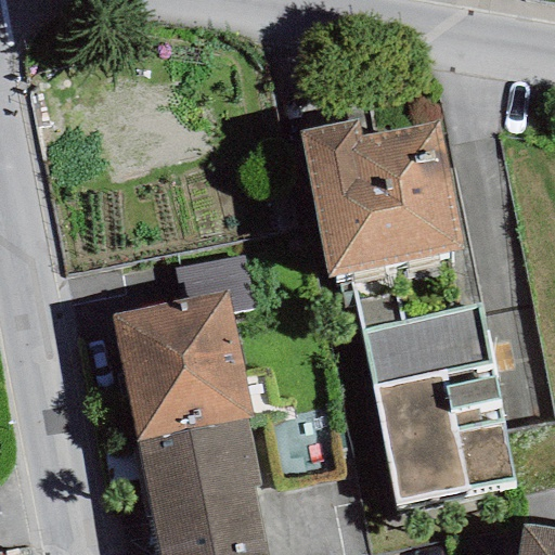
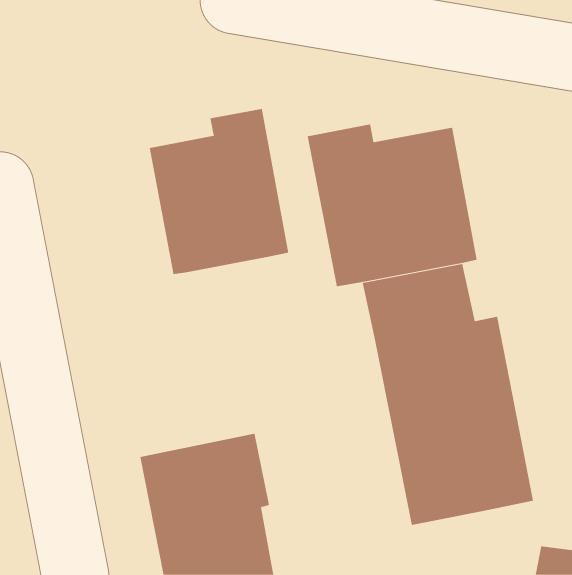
building: none -> [149,108,289,275]
building: [112,292,254,440] -> none

